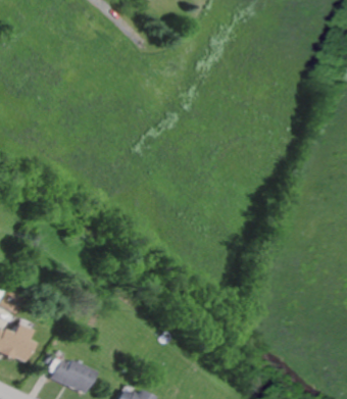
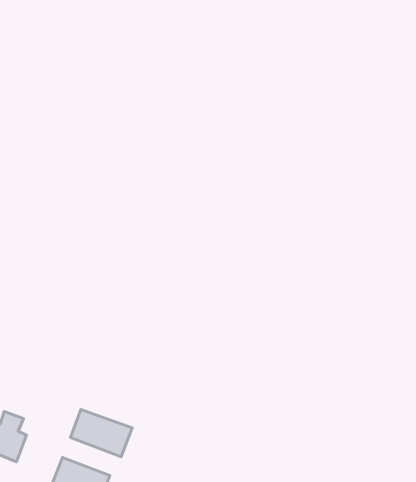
building: none -> [71,410,132,457]

